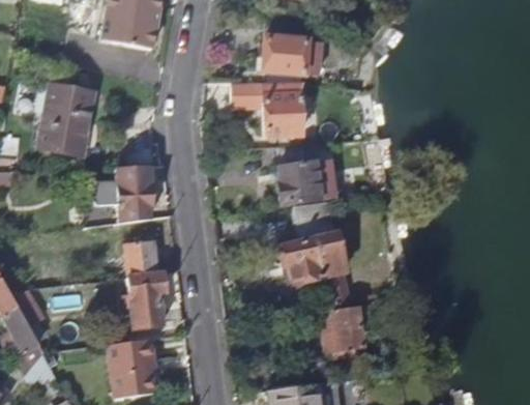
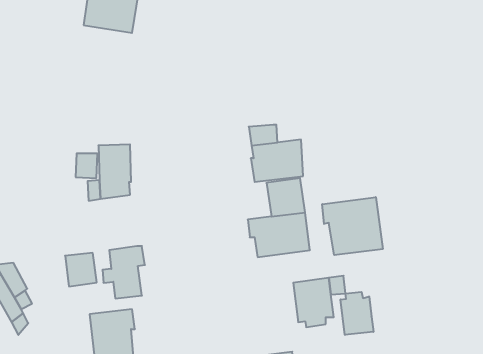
building: [264,37,321,75] -> none
building: [233,79,303,136] -> none
building: [38,83,94,155] -> none
building: none -> [322,197,383,255]
building: [124,241,157,277] -> [65,253,97,286]
building: none -> [341,292,373,335]

